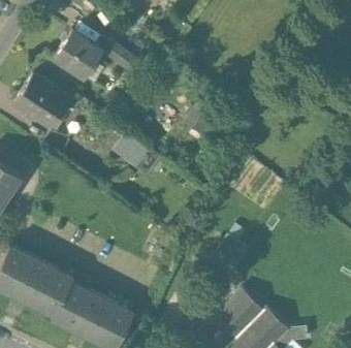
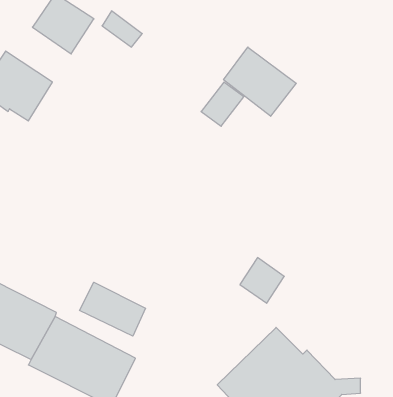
building: none -> [224,47,296,116]
building: [113,132,151,169] -> none
building: none -> [80,282,146,336]

